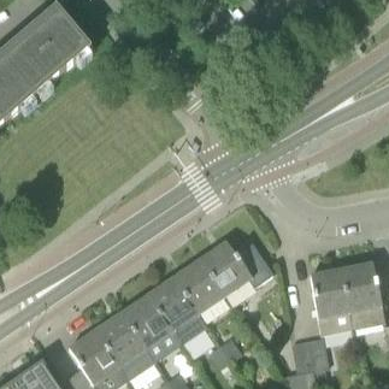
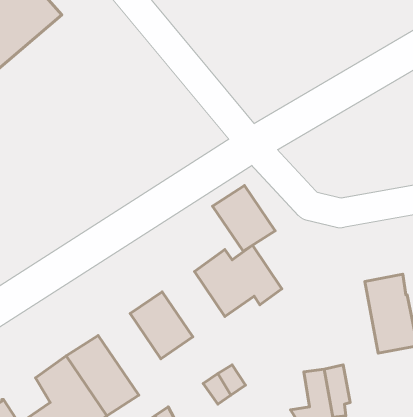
building: [173,260,225,314] -> [213,186,275,251]
building: [310,269,352,334] -> none
building: [120,295,181,363] -> none

